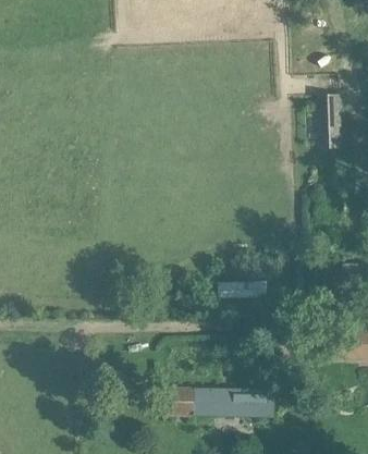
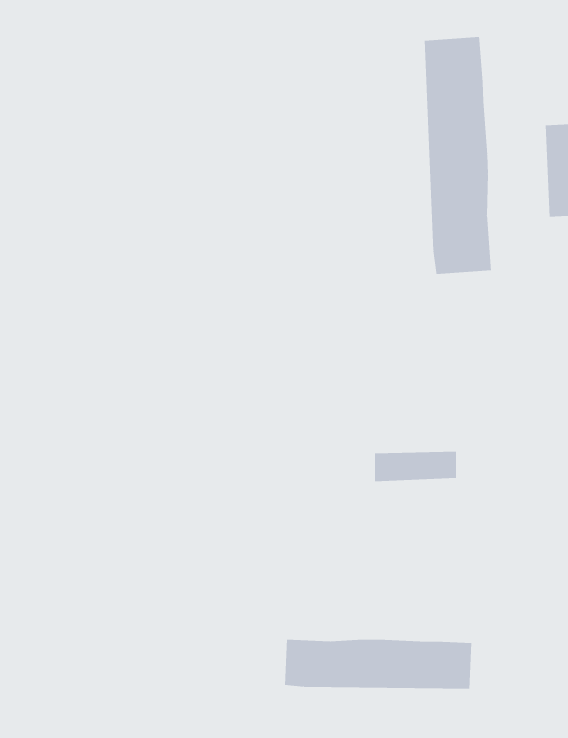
building: none -> [424,36,491,275]

